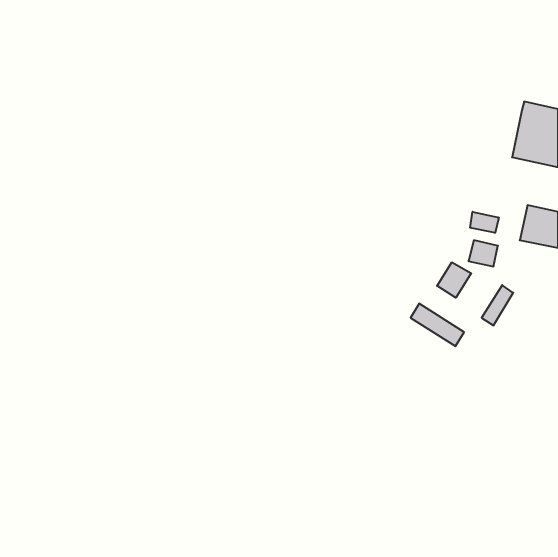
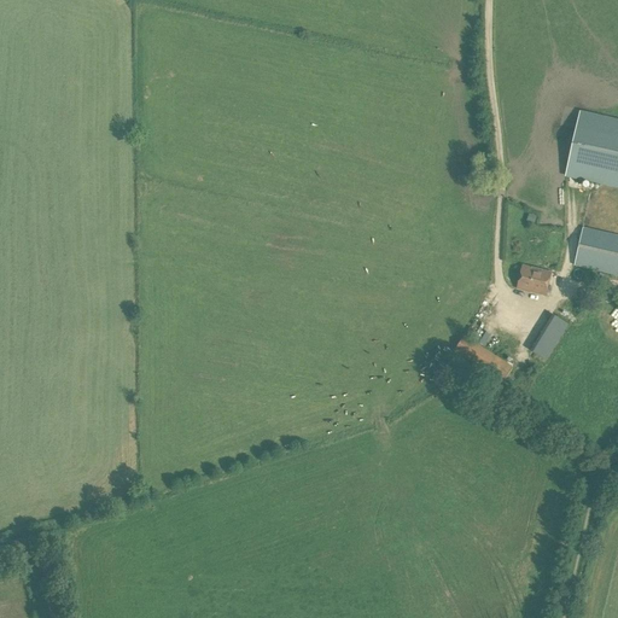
building: [470,212,499,233] -> none
building: [437,262,471,298] -> none

